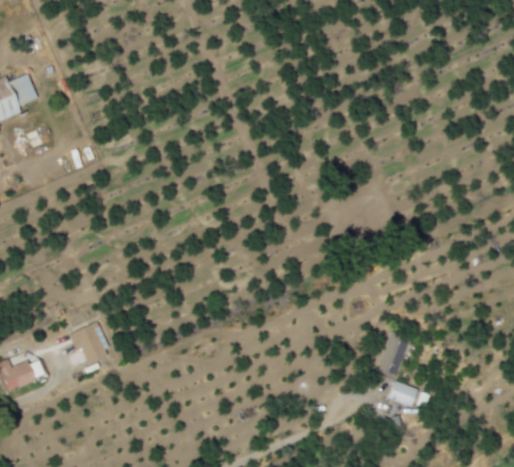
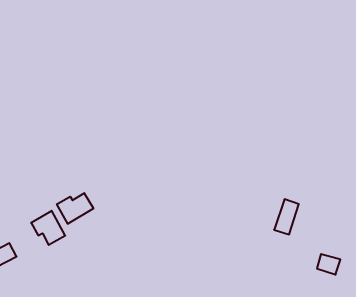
building: none -> [57,193,93,224]
building: [386,381,417,409] -> [317,254,340,275]

